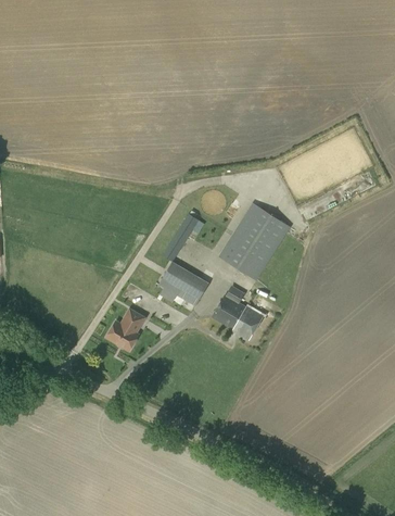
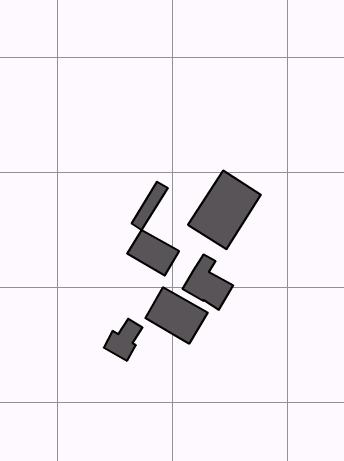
building: [106,309,144,350] -> [104,319,143,361]
building: none -> [145,287,208,344]

